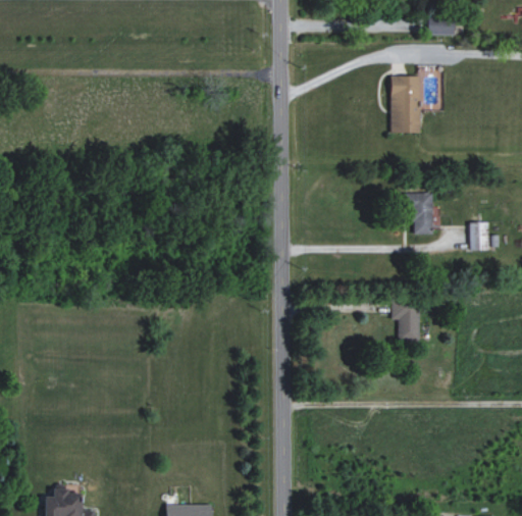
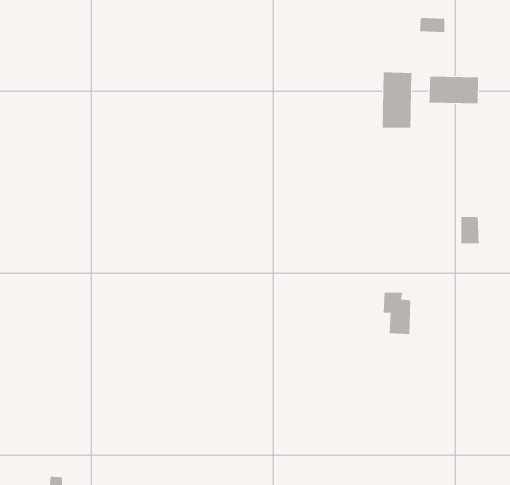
building: none -> [429,76,478,104]
building: [406,193,433,235] -> none

